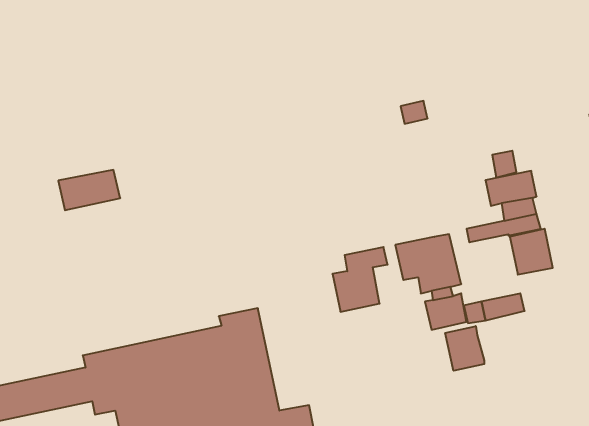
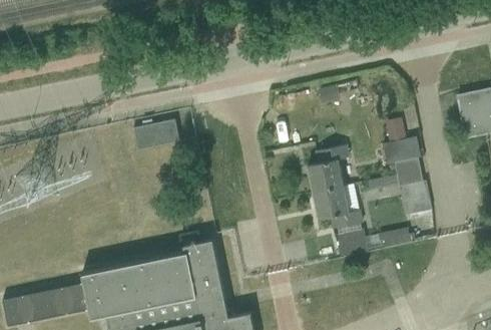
building: [58,170,120,210] -> [133,119,179,149]
building: [332,247,388,312] -> [308,144,349,193]
building: [445,326,484,371] -> none

